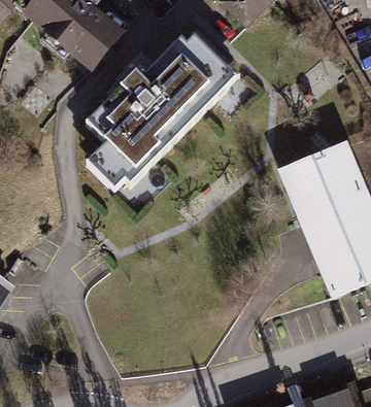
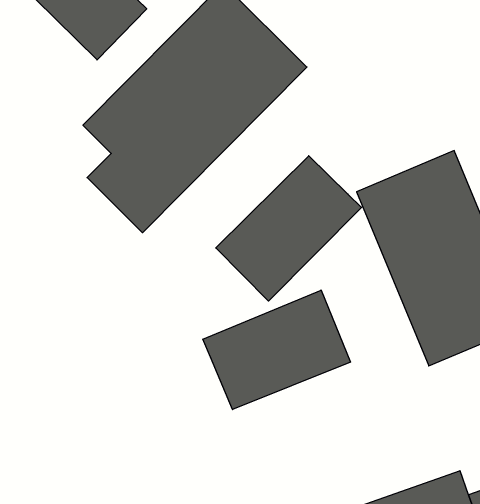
building: none -> [216,156,362,301]
building: none -> [203,290,350,410]

